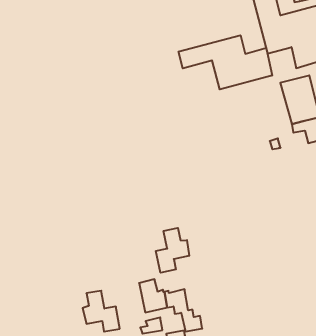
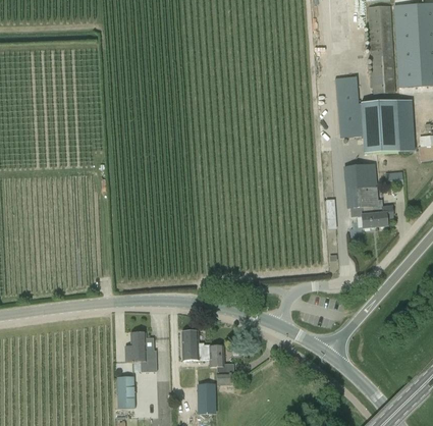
building: [179,35,272,89] -> none
building: [156,228,189,273] -> none

